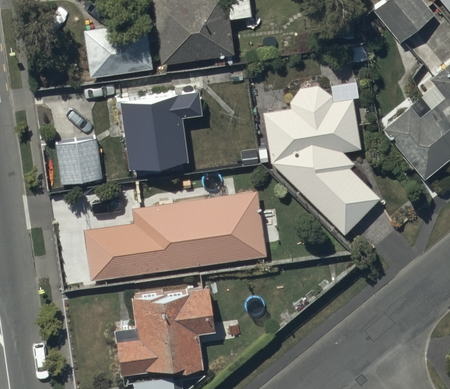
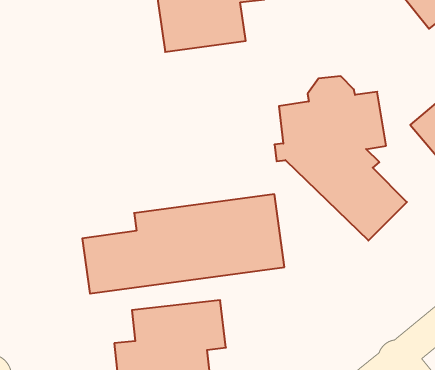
building: [85,23,153,79] -> none
building: [116,88,201,169] -> none
building: [57,138,102,184] -> none

